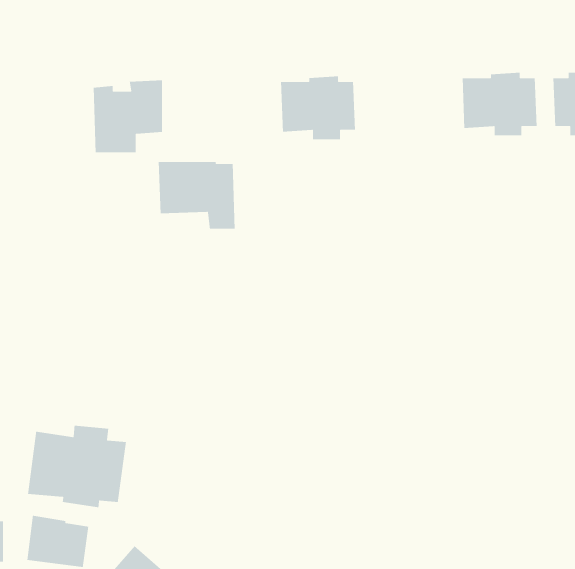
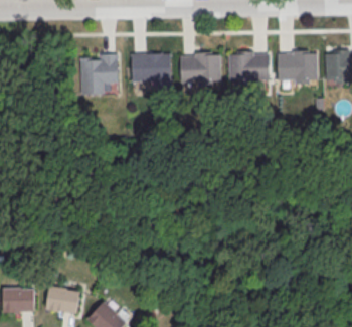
building: none -> [228,51,269,87]
building: [158,161,236,229] -> [130,54,171,91]
building: [27,425,127,508] -> none

